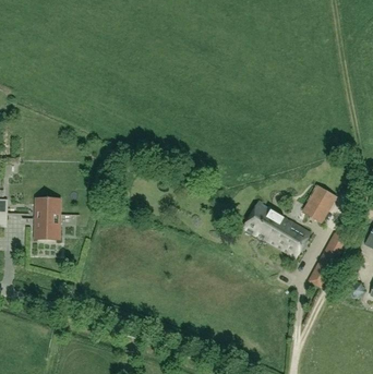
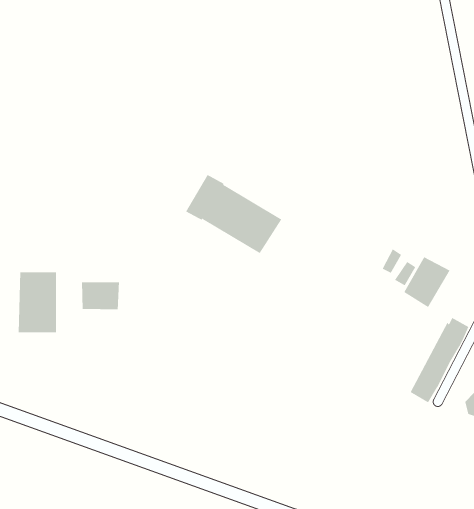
building: [242,202,310,257] -> [185,174,282,254]
building: none -> [81,282,119,310]

